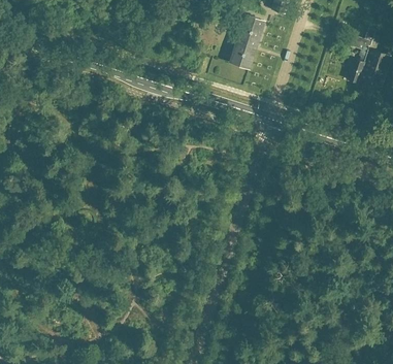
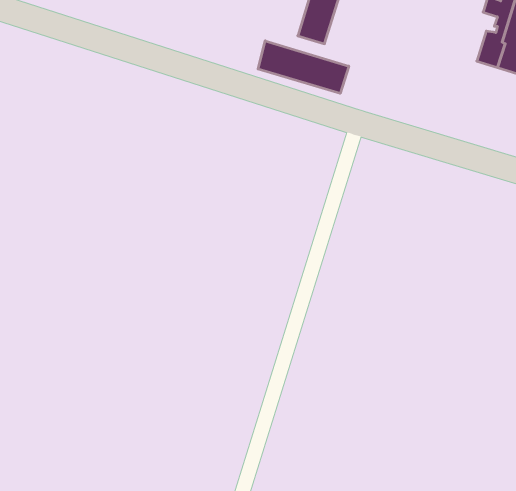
building: none -> [258,41,349,93]

